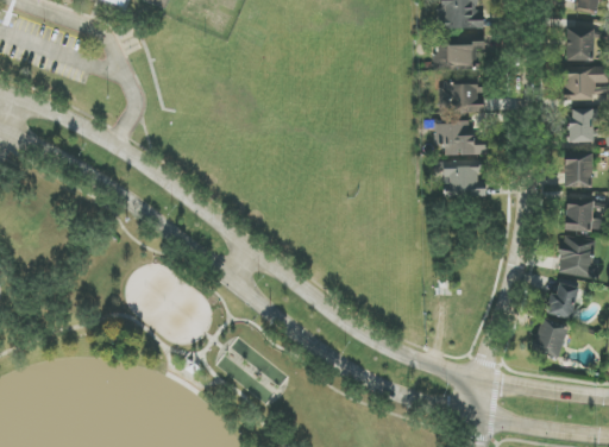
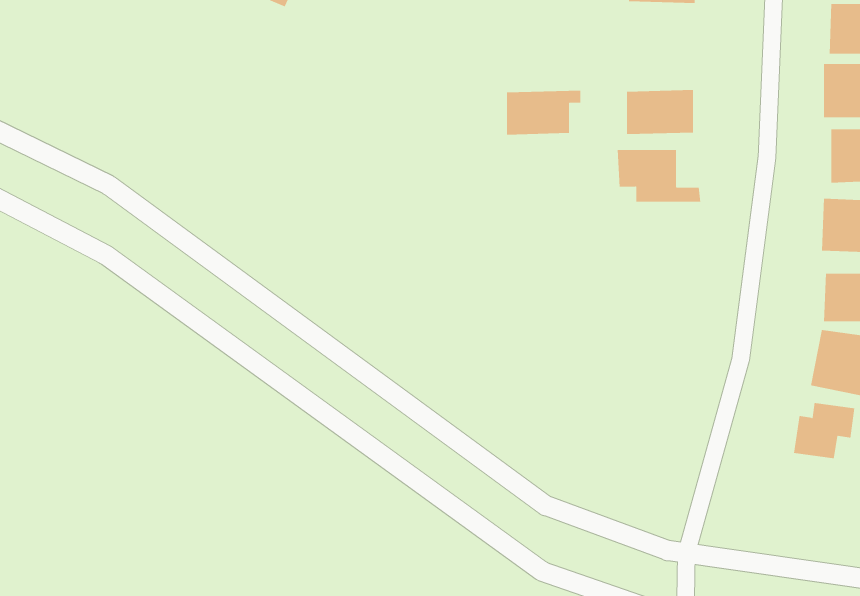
building: [437,40,484,69] -> [506,90,581,135]
building: [444,160,485,197] -> none
building: [533,319,569,358] -> none

